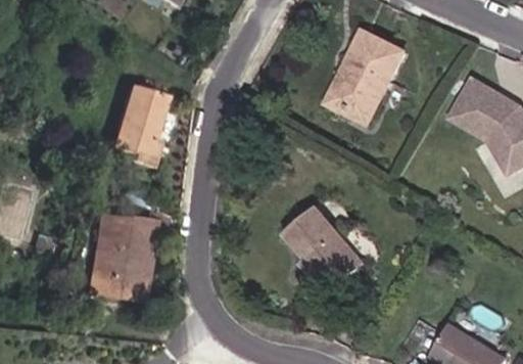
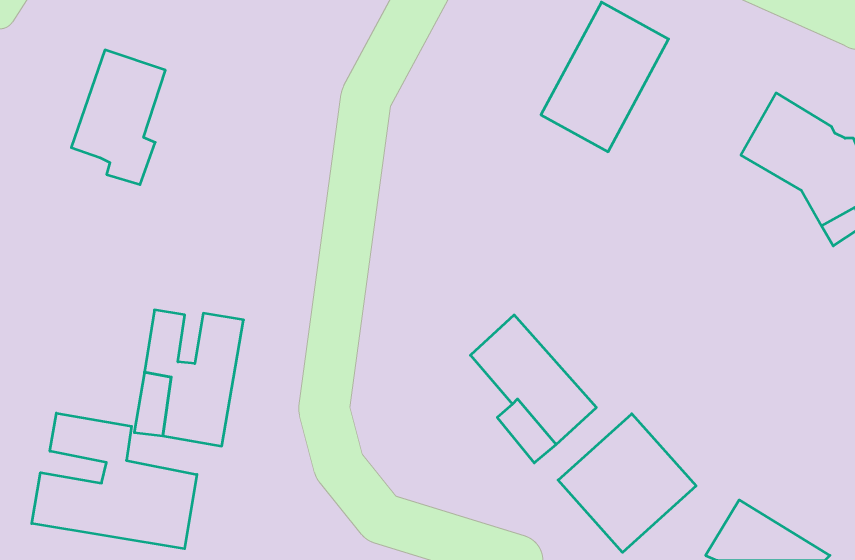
building: [112,82,170,164] -> [71,50,165,185]
building: none -> [32,413,197,549]
building: none -> [558,414,696,552]

